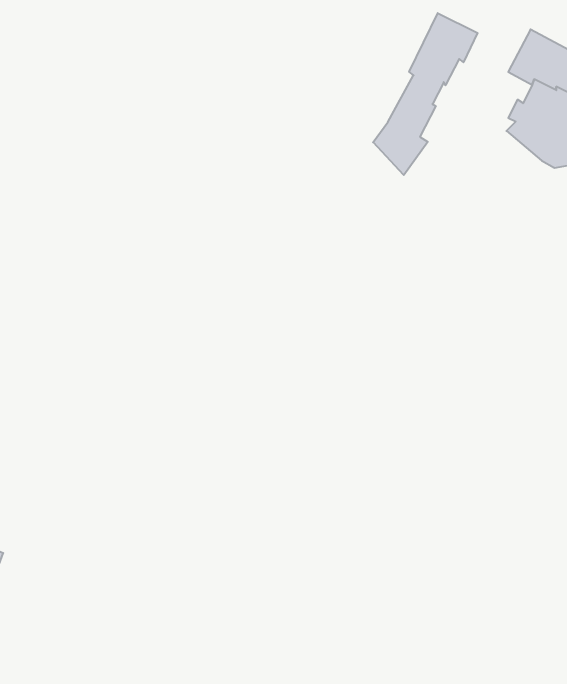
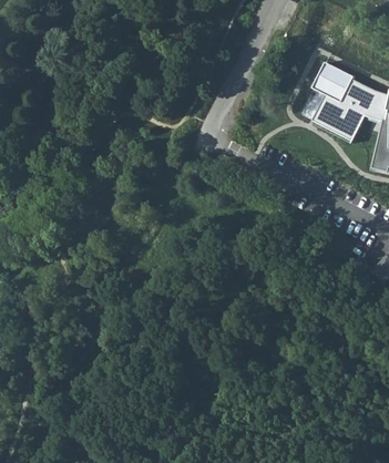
building: [373,13,478,175] -> none

